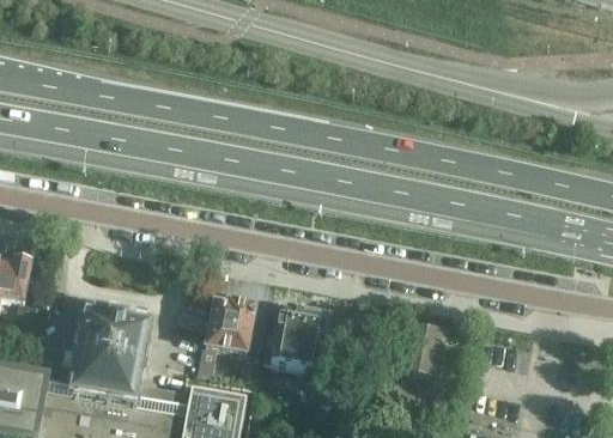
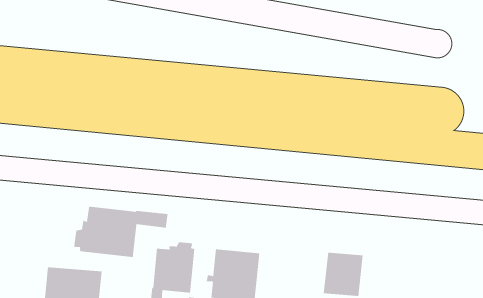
building: none -> [74,206,168,258]

